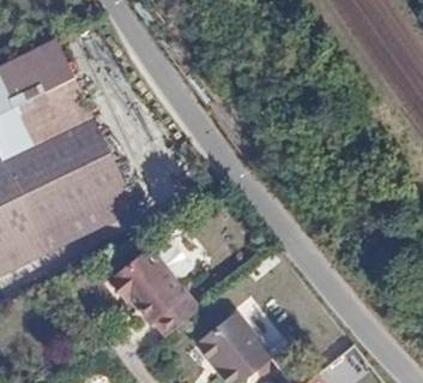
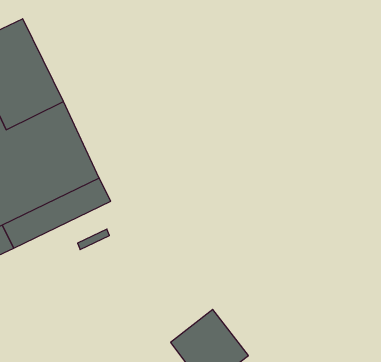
building: [116,240,197,329] -> none

